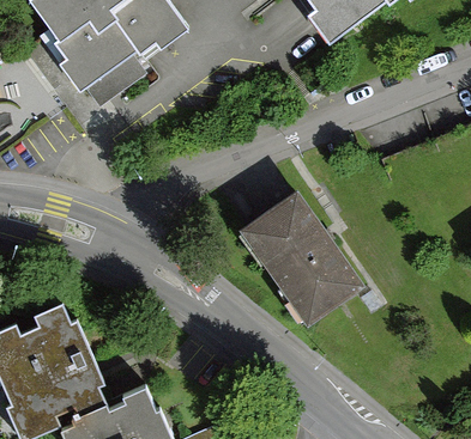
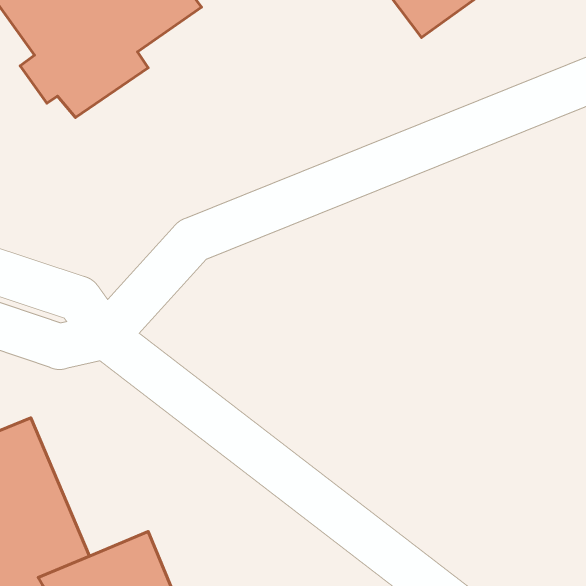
building: [240,200,362,333] -> none

